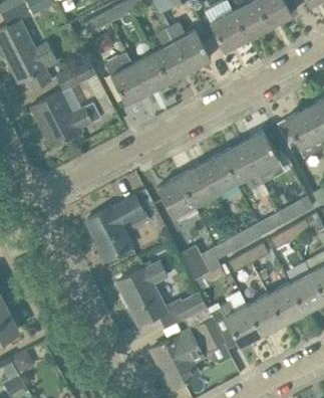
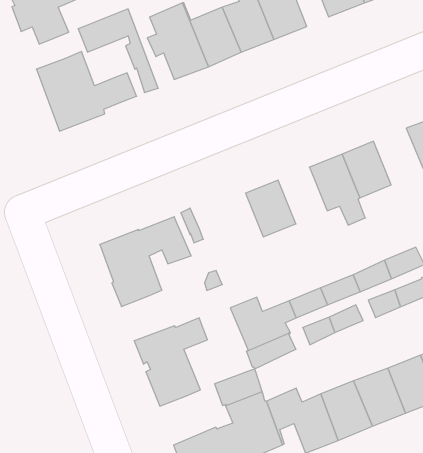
building: [203,154,238,193] -> none
building: [157,176,197,217] -> none

